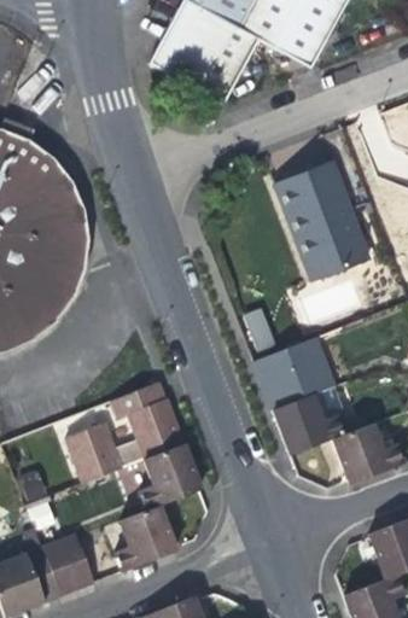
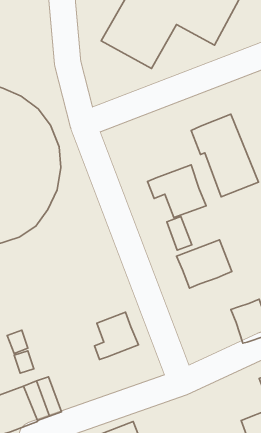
building: none -> [148,165,206,218]
building: [68,380,182,480] -> none
building: [272,393,340,453] -> none
building: [113,505,174,572] -> none

